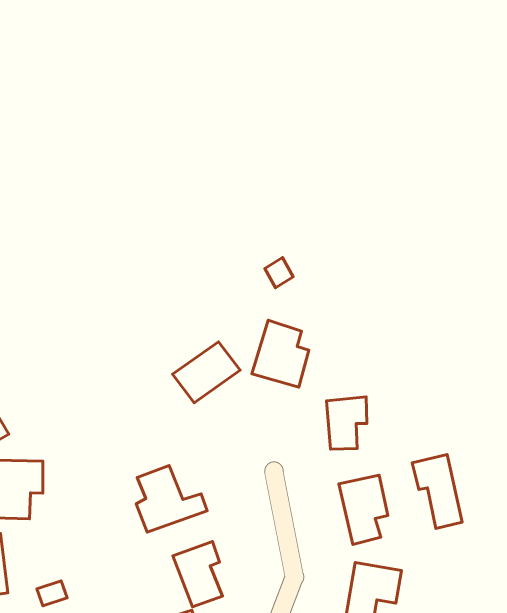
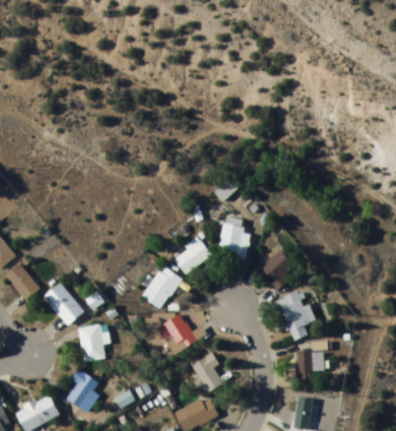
building: none -> [141,265,183,309]
building: [412,455,462,529] -> none

